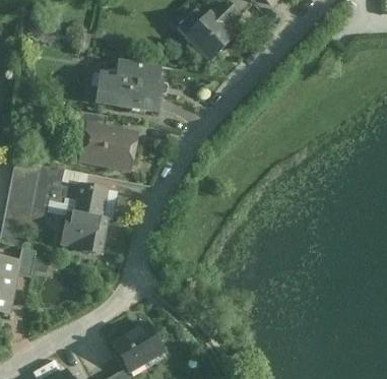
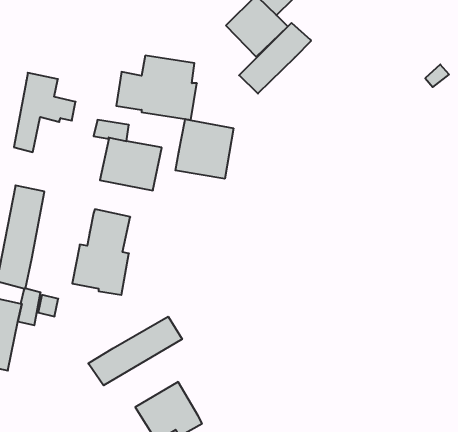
building: none -> [239,23,311,94]
building: none -> [175,119,233,179]
building: [28,162,78,226] -> [14,73,76,152]
building: none -> [88,317,182,385]

